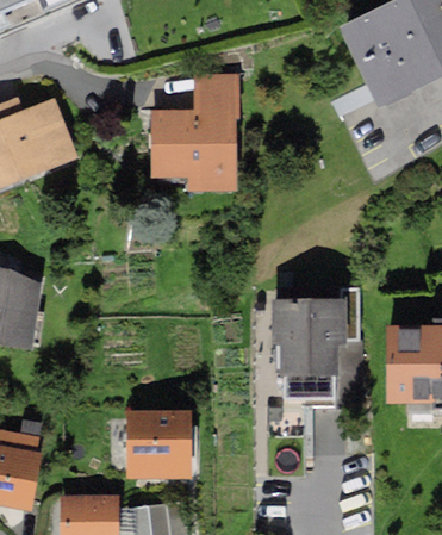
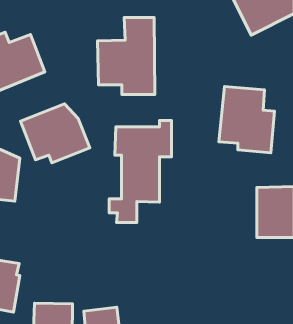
building: none -> [219,86,274,153]
building: none -> [20,104,90,163]
building: [266,290,357,440] -> [109,120,172,222]
building: [127,410,189,479] -> none

